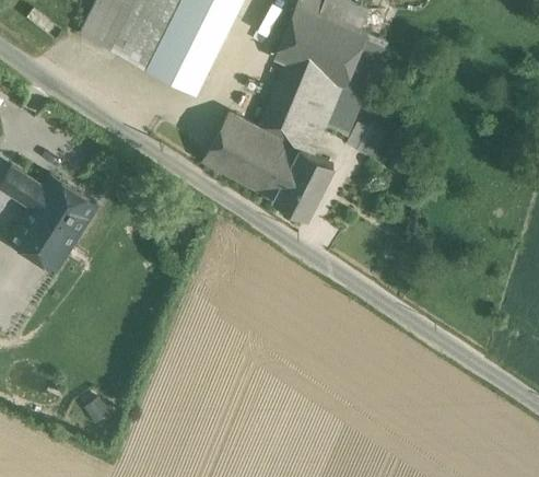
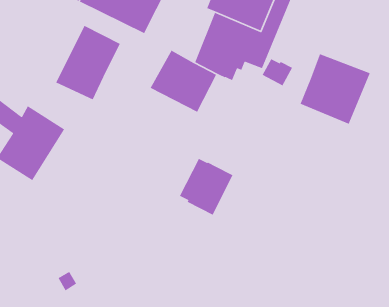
building: none -> [55,25,121,100]
building: none -> [300,53,371,125]
building: [265,142,335,217] -> [179,158,234,216]

